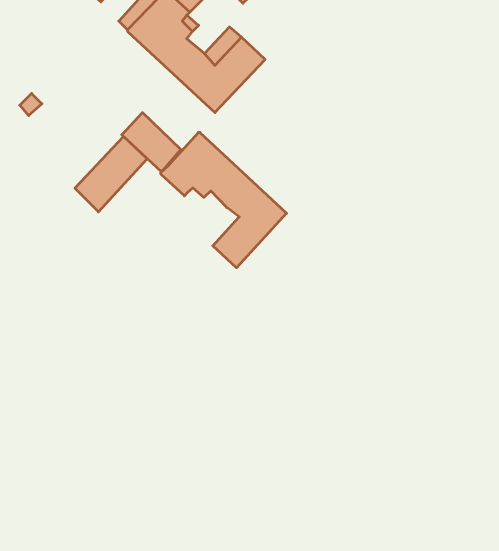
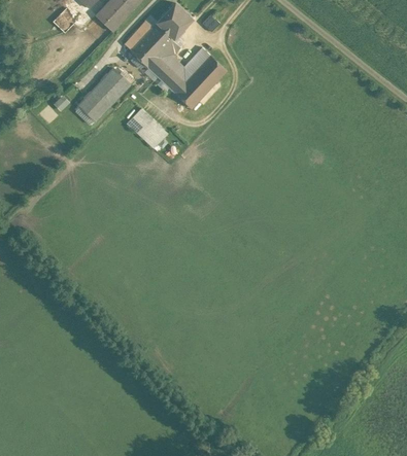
building: [161,132,287,268] -> none
building: [75,137,147,212] -> [78,68,129,120]

